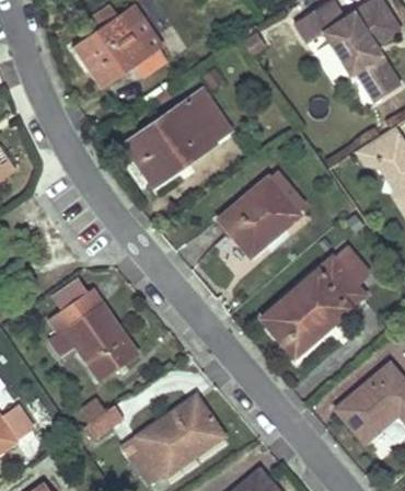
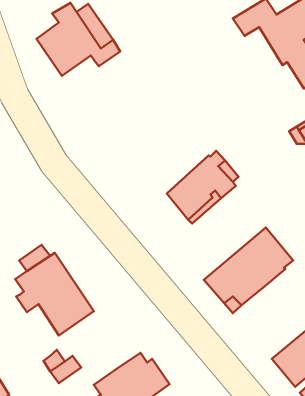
building: [128,90,230,180] -> none

